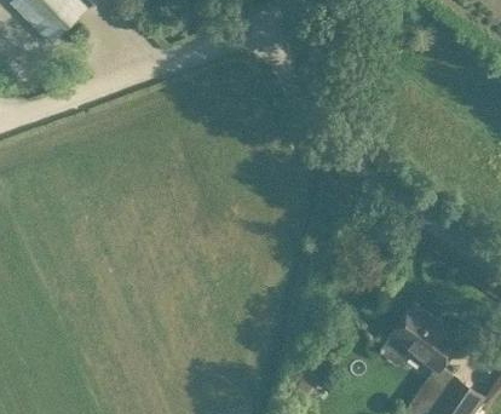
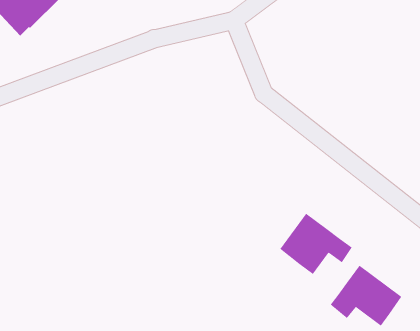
building: none -> [279,213,352,275]

